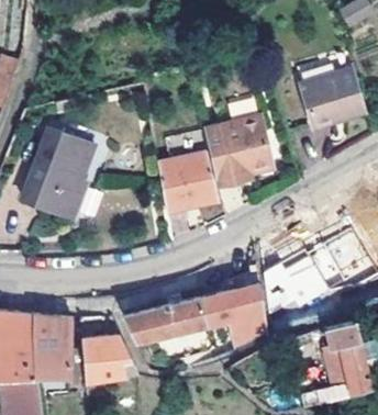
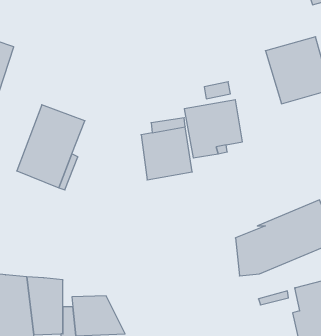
building: [122,284,267,347] -> none

